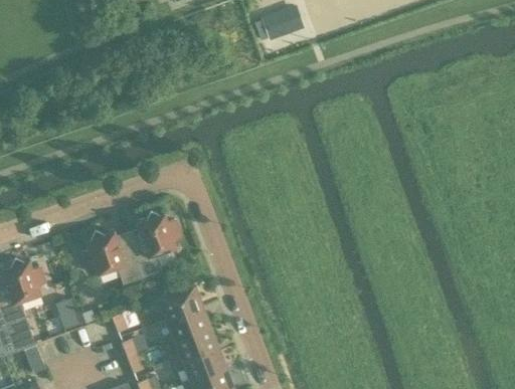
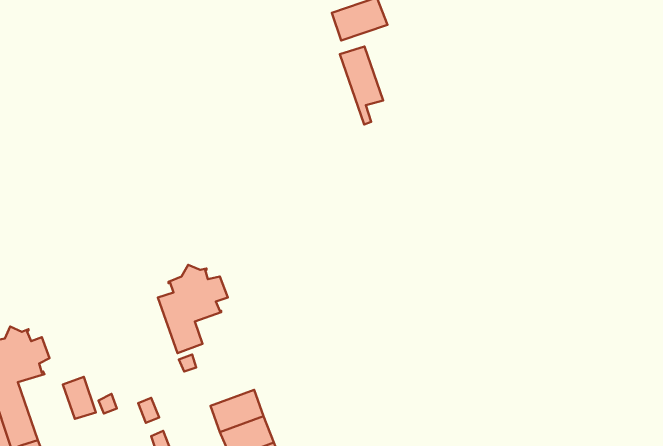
building: none -> [340,47,383,125]
building: [81,230,144,284] -> none
building: [161,285,202,319] -> none

